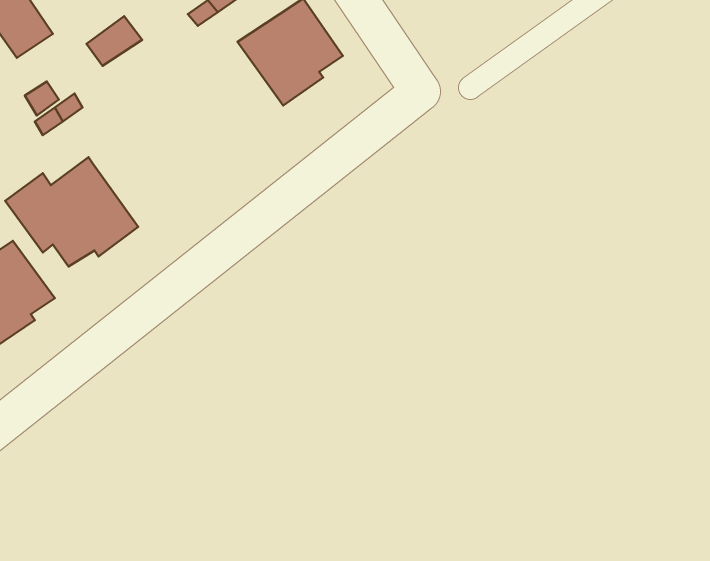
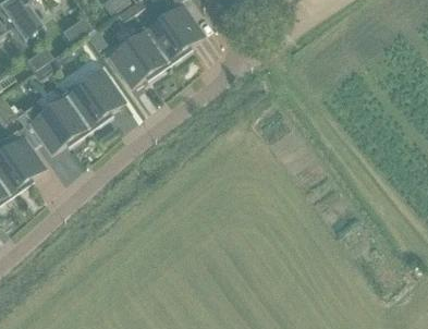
building: none -> [109,24,169,84]
building: none -> [62,70,122,129]

